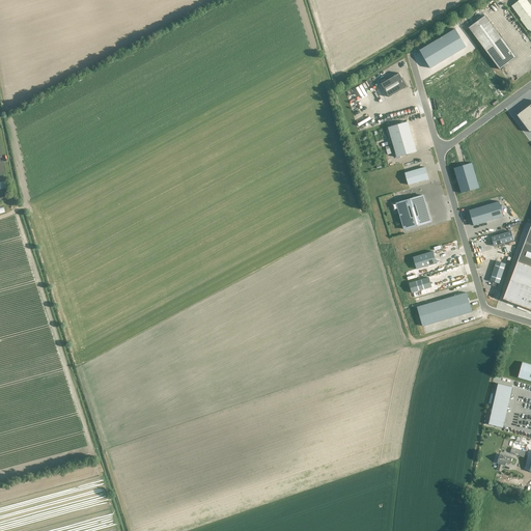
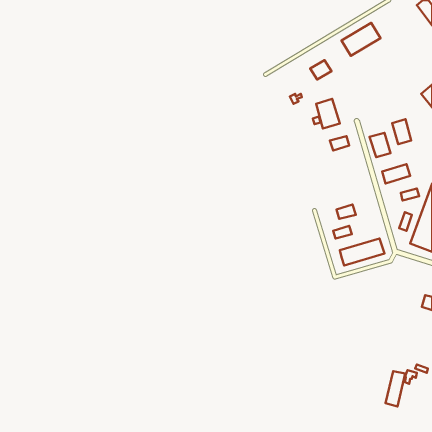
building: [468,16,515,69] -> none
building: none -> [392,119,411,144]
building: [397,195,430,229] -> none
building: [488,384,512,427] -> [386,371,405,407]

